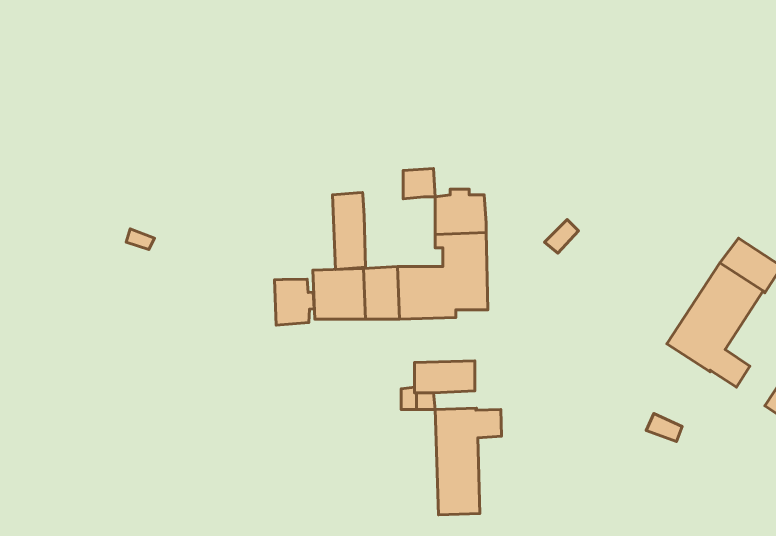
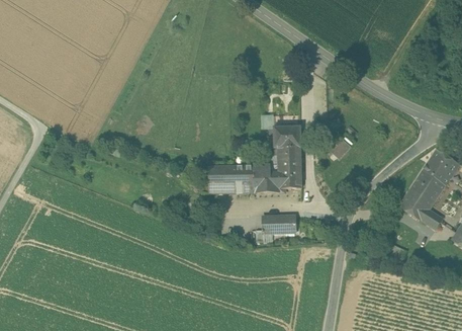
building: [333,192,365,269] -> none
building: [274,279,314,325] -> none
building: [435,408,502,515] -> none

